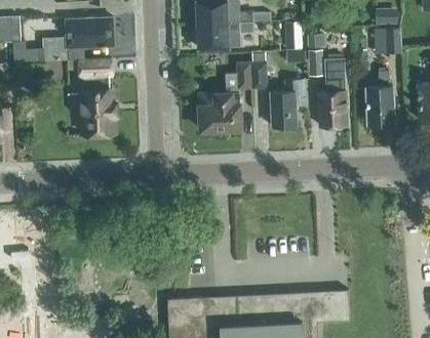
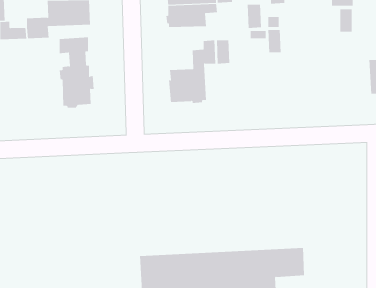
building: [317,58,346,127] -> none
building: [365,72,393,125] -> none
building: [269,80,305,129] -> none

